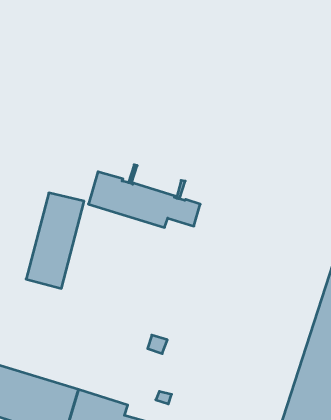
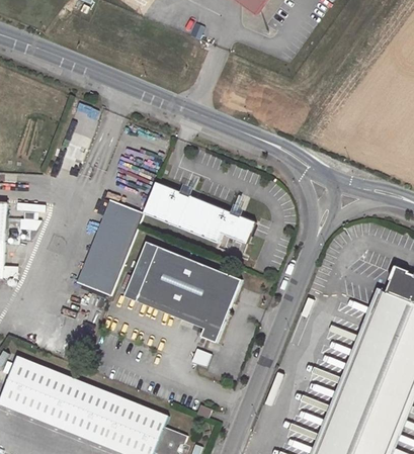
building: none -> [127,242,241,343]

